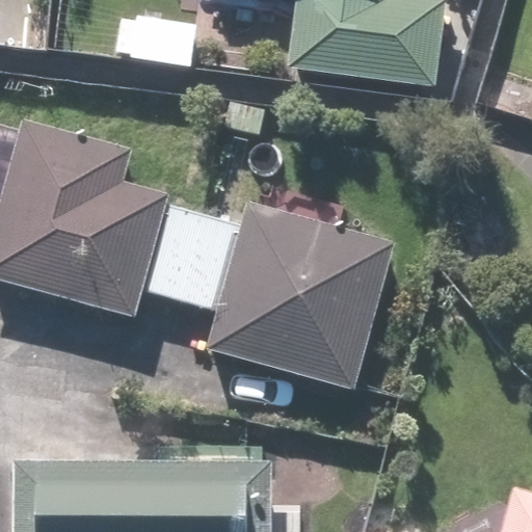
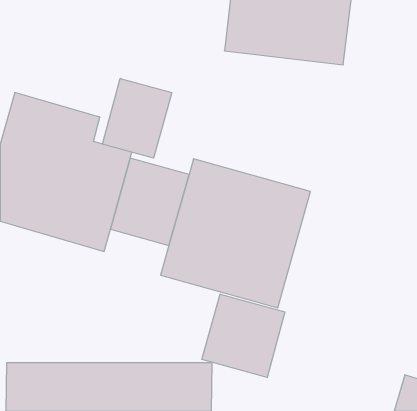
building: none -> [103,78,172,158]
building: none -> [202,294,285,378]

